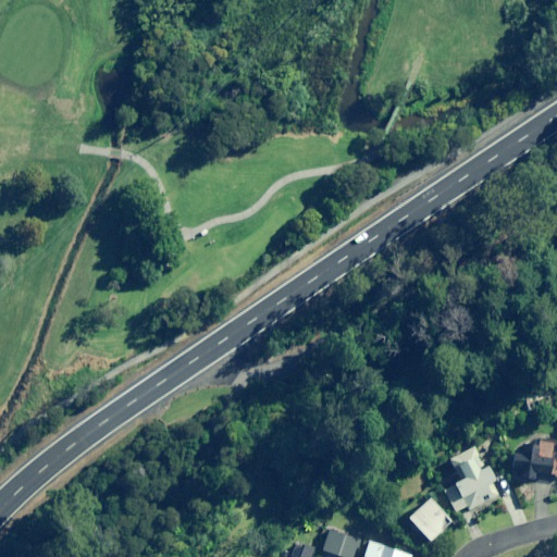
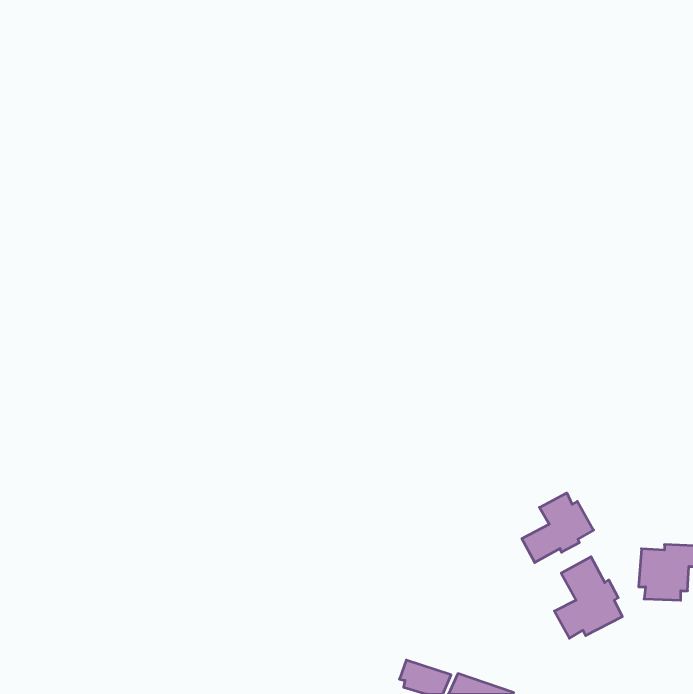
building: none -> [522,493,594,563]
building: [409,498,451,542] -> none

